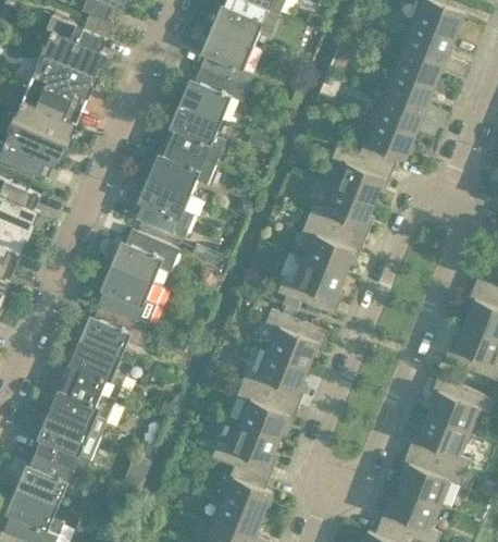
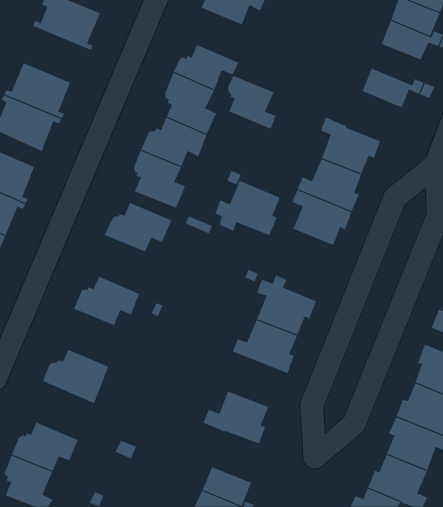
building: [203,32,253,87] -> [227,75,276,130]
building: [27,50,97,108] -> none
building: [383,69,434,110] -> none
building: [358,116,414,168] -> none
building: [277,257,345,313] -> [215,180,281,236]
building: [102,263,163,323] -> none
building: [71,338,125,397] -> none
building: [236,382,298,439] -> none
building: [39,412,100,472] -> none
building: [220,464,272,516] -> none

